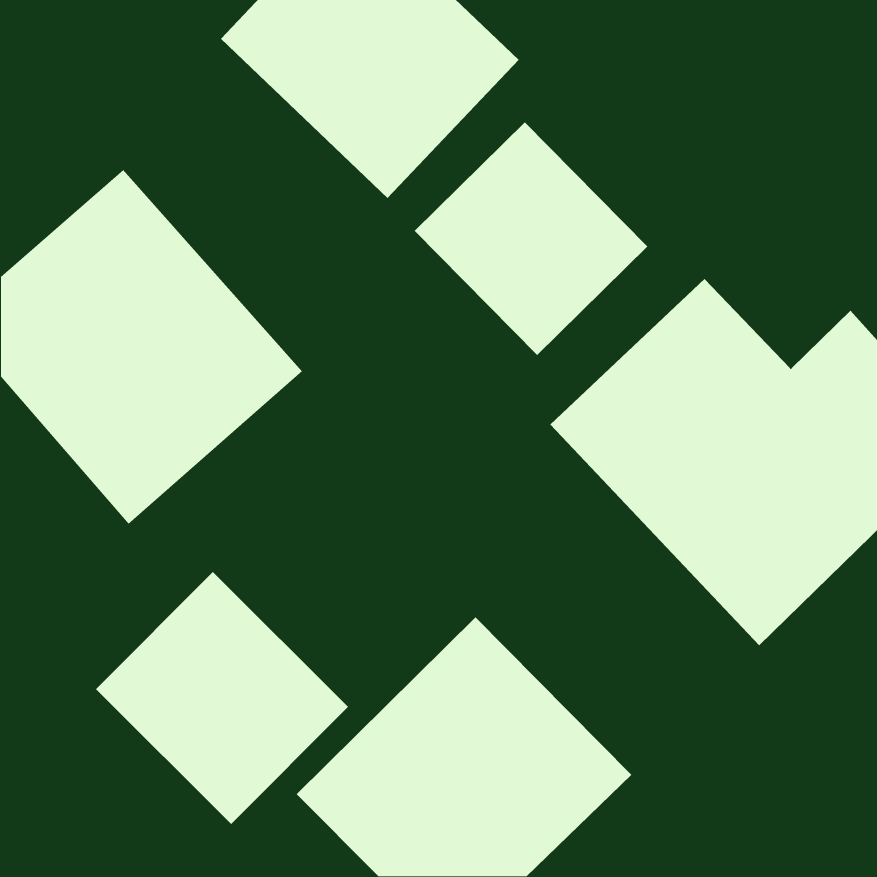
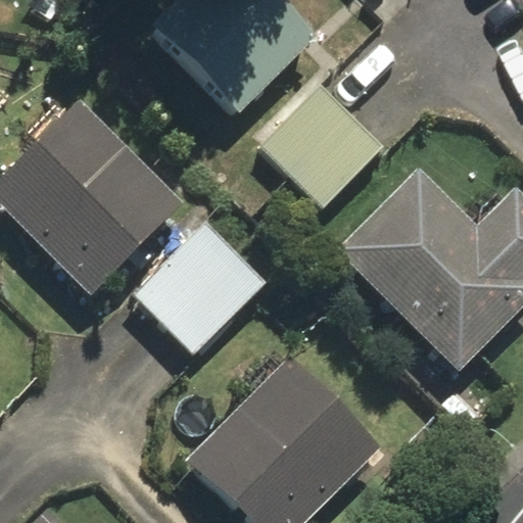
building: none -> [131,217,273,359]
building: [95,571,349,825] -> none

